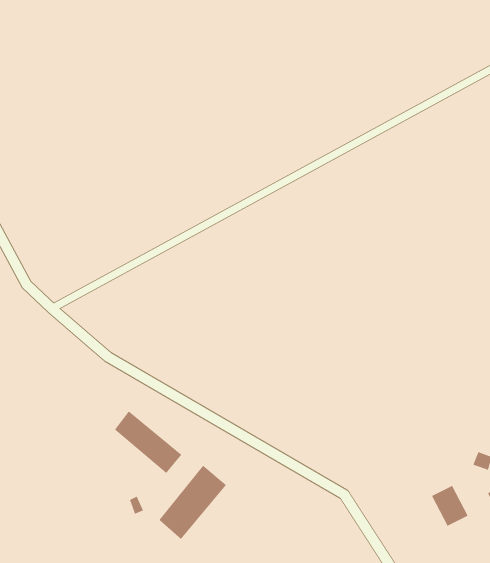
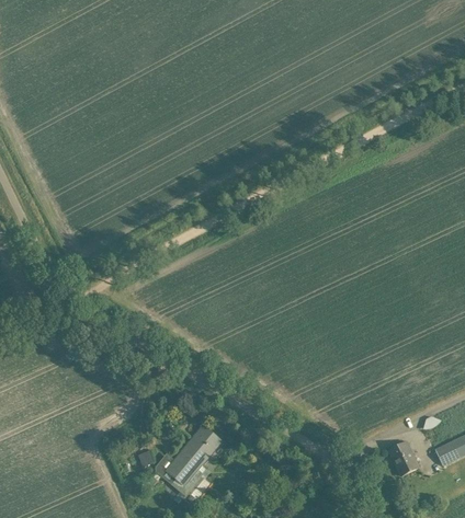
building: [114,410,182,474] -> none

